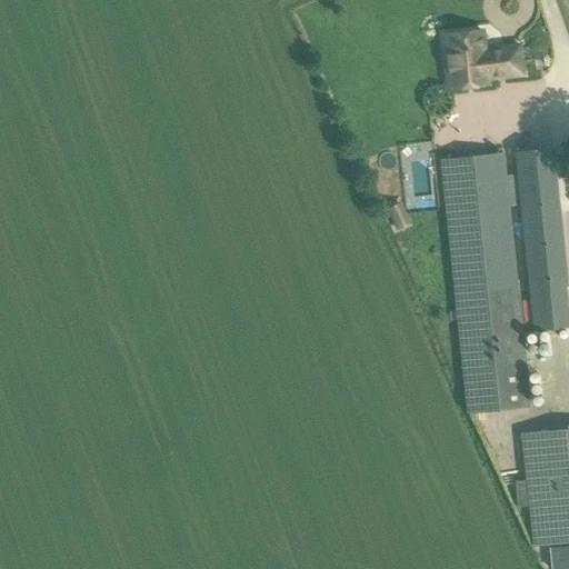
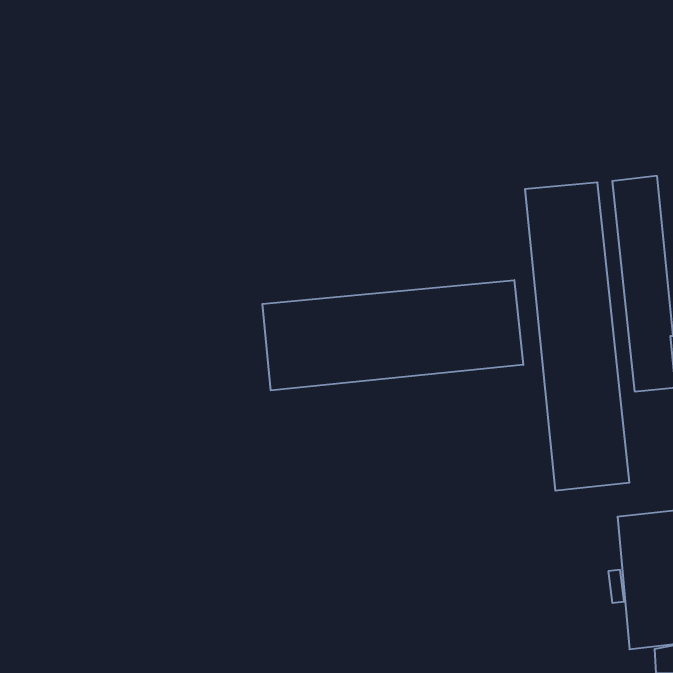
building: [445,30,525,88] -> none
building: none -> [262,280,523,390]

